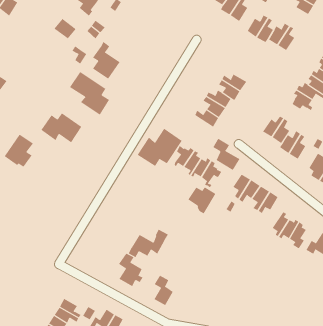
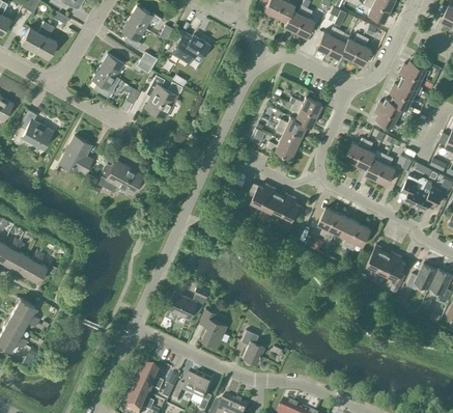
building: none -> [172,31,210,62]
building: none -> [91,65,120,95]
building: [69,71,110,115] -> none
building: [137,128,183,167] -> none
building: [4,134,34,168] -> [60,135,92,172]
building: [213,138,240,171] -> none
building: [187,187,216,214] -> none
building: [128,229,169,258] -> [166,284,209,320]

